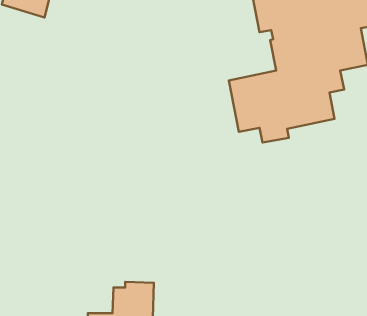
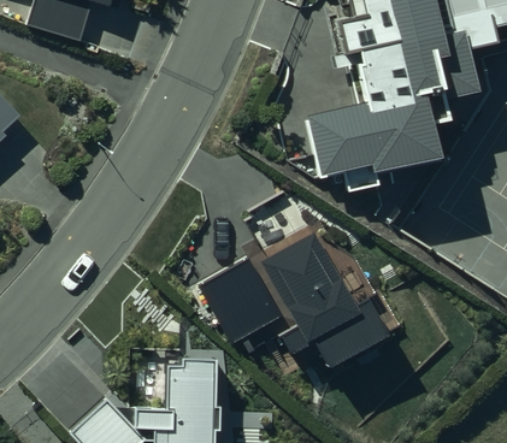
building: none -> [210,223,393,361]

